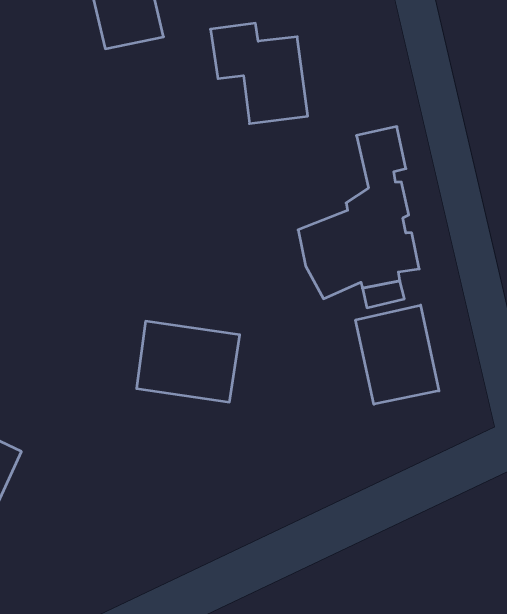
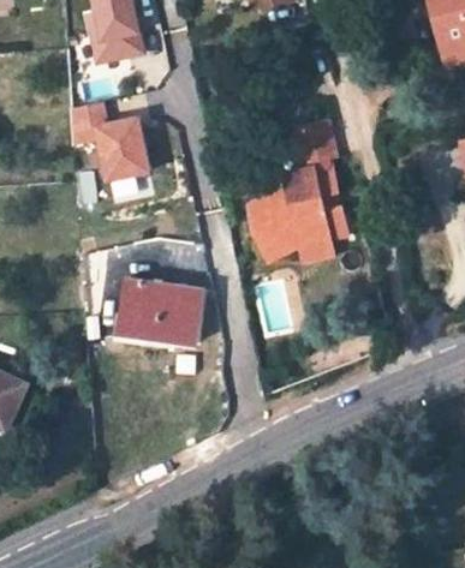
building: [210,23,308,124] -> [66,100,144,180]
building: [356,305,439,404] -> none

